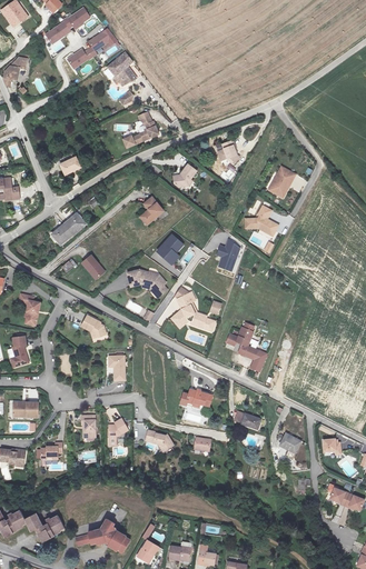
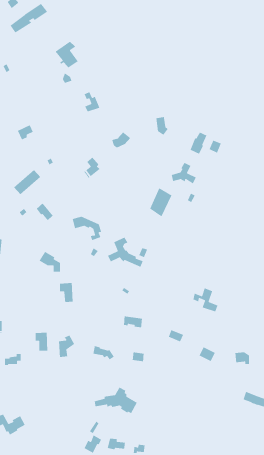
building: [67,32,113,70] -> none
building: [156,229,189,263] -> none
building: [231,332,264,363] -> [192,287,219,312]
building: [78,520,132,555] -> [94,386,138,414]

